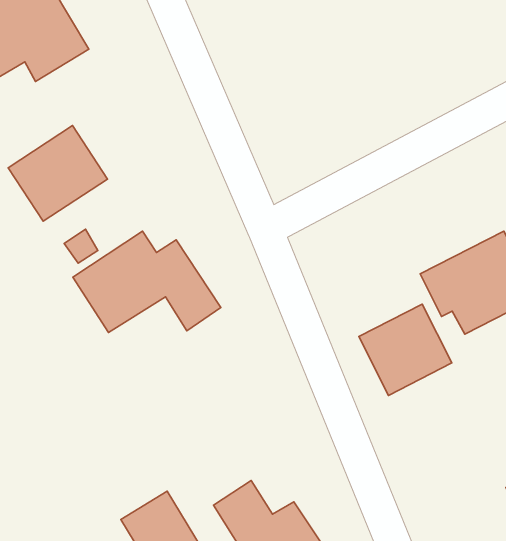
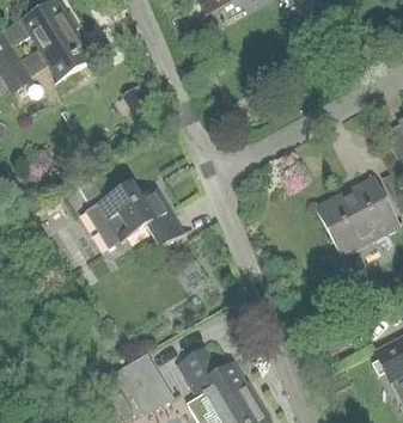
building: [8,125,107,221] -> none
building: [359,304,452,395] -> none

